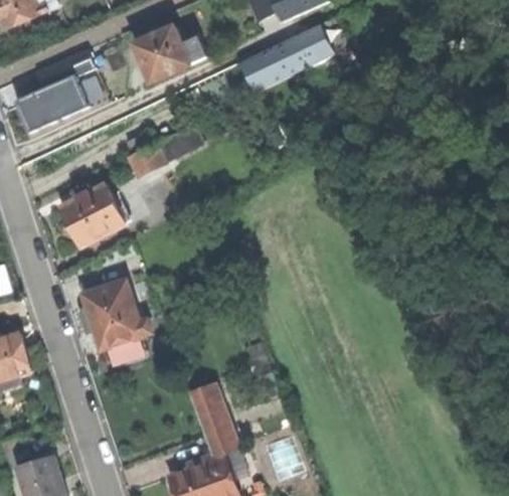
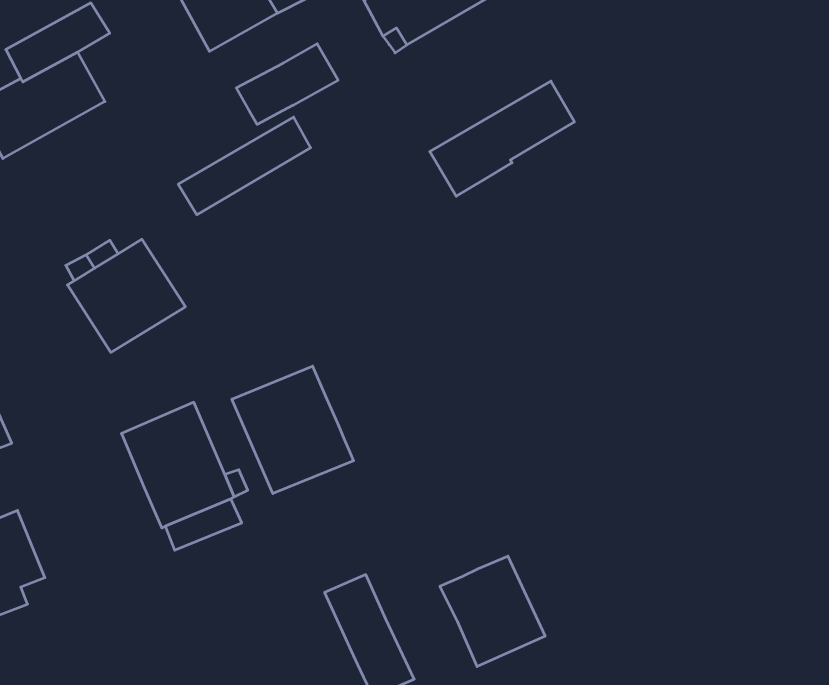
building: none -> [236,44,338,124]
building: none -> [430,81,574,196]
building: none -> [232,366,354,494]
building: none -> [440,556,545,667]

